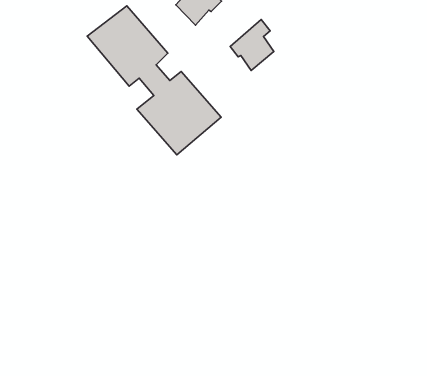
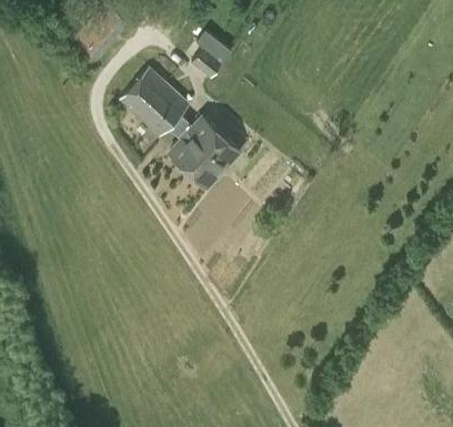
building: [230,19,274,71] -> none

